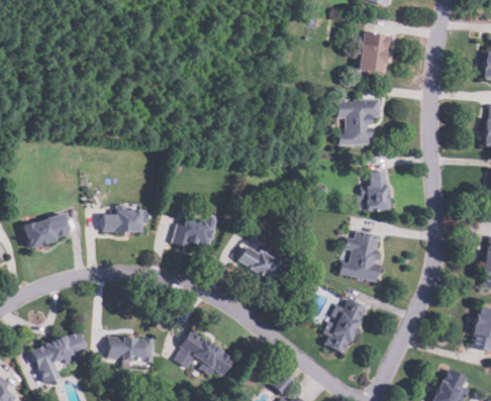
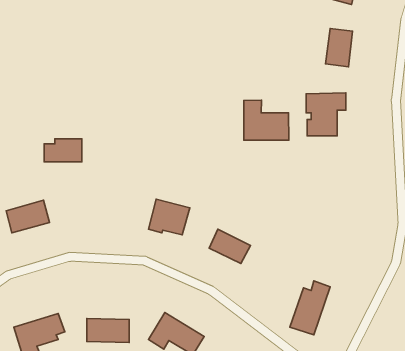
building: none -> [244,100,289,140]
building: [364,171,389,210] -> none
building: [103,208,142,232] -> [44,139,82,162]
building: [341,229,384,281] -> none

